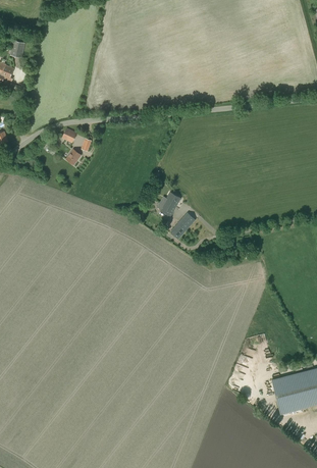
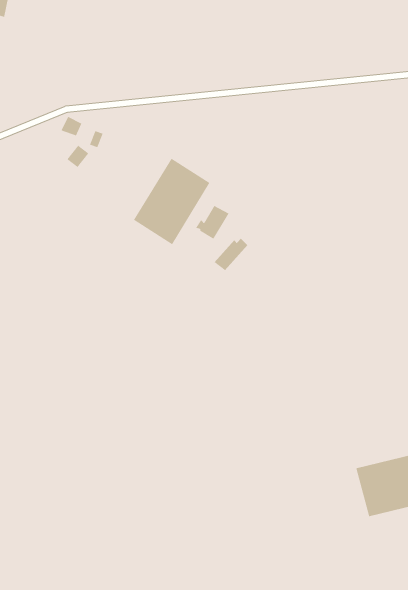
building: none -> [133,158,210,245]

